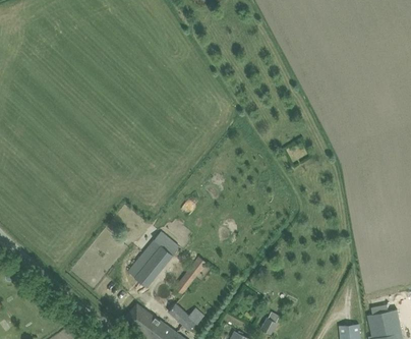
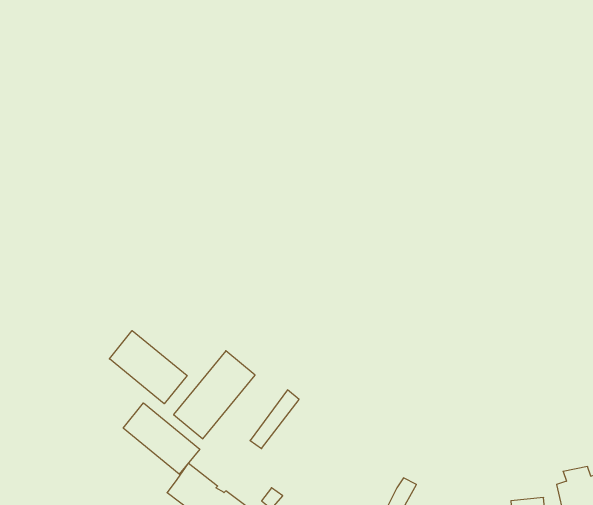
building: none -> [109,331,187,404]
building: none -> [123,403,200,474]

